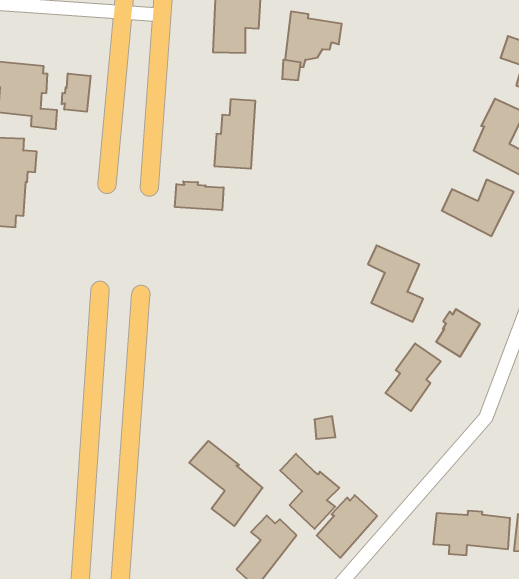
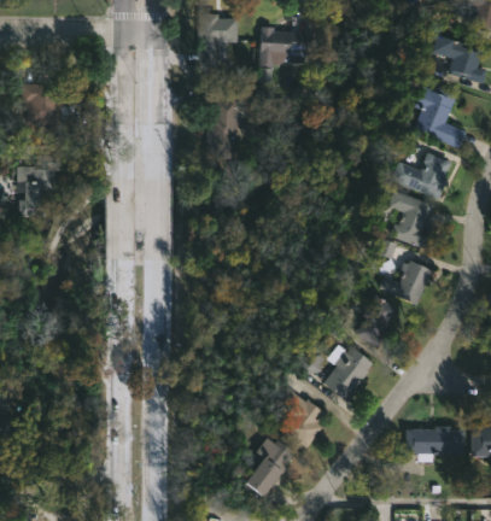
building: [62,73,91,112] -> none
building: [175,181,224,210] -> none
building: [368,245,423,322] -> [391,192,438,252]
building: [189,441,263,526] -> none
building: [317,495,377,558] -> [322,347,370,399]

